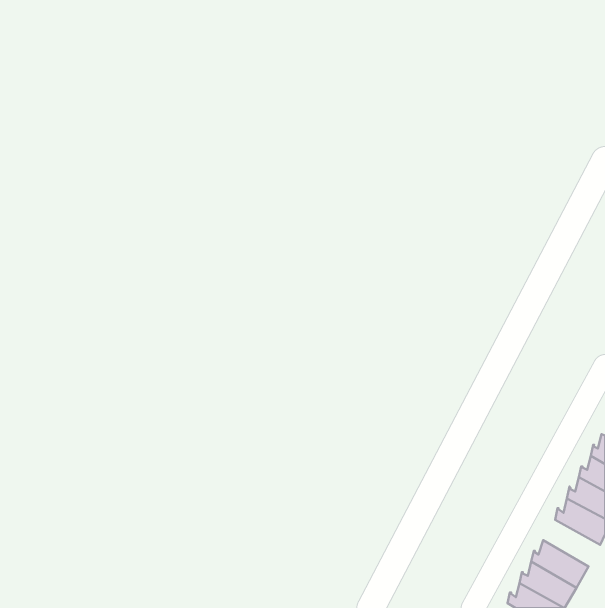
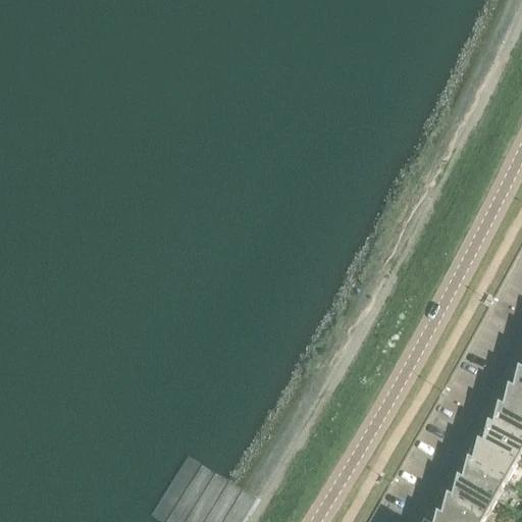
building: none -> [466,446,515,485]

